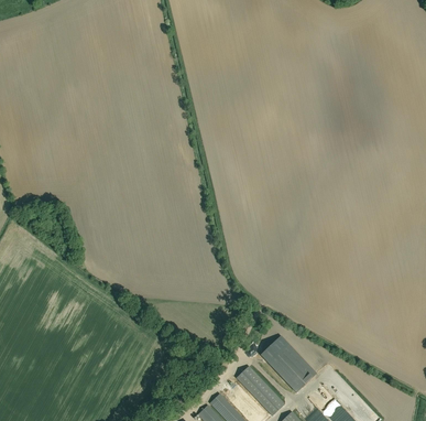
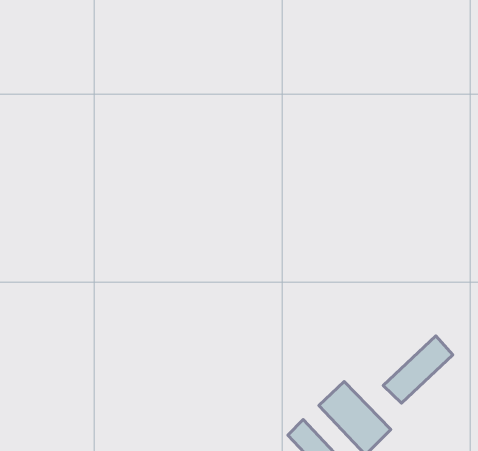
building: none -> [383,336,453,403]

